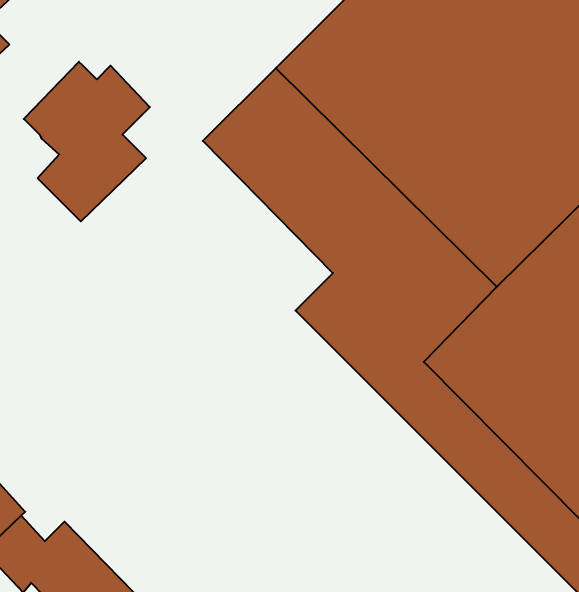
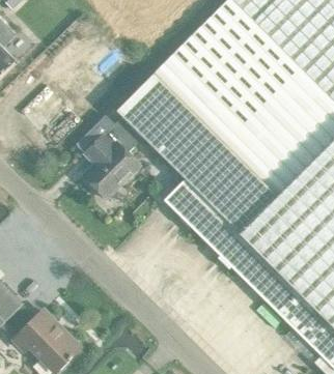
building: [24,62,150,221] -> [76,115,142,199]

